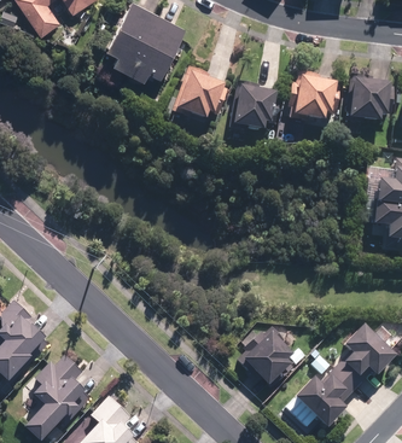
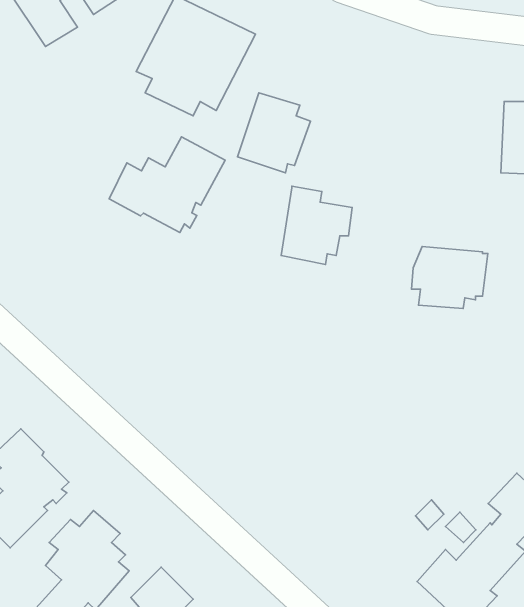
building: [284,80,336,122] -> [411,246,488,309]
building: [228,81,276,134] -> [281,186,352,264]
building: none -> [109,137,225,233]
building: [237,332,292,389] -> none

